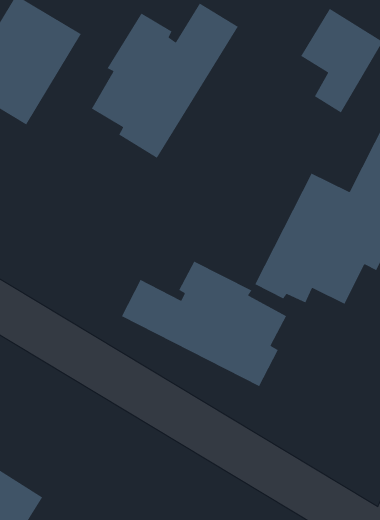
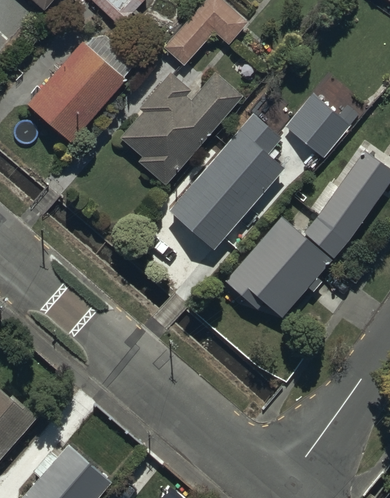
building: none -> [169,114,285,249]
building: [121,260,287,387] -> none

